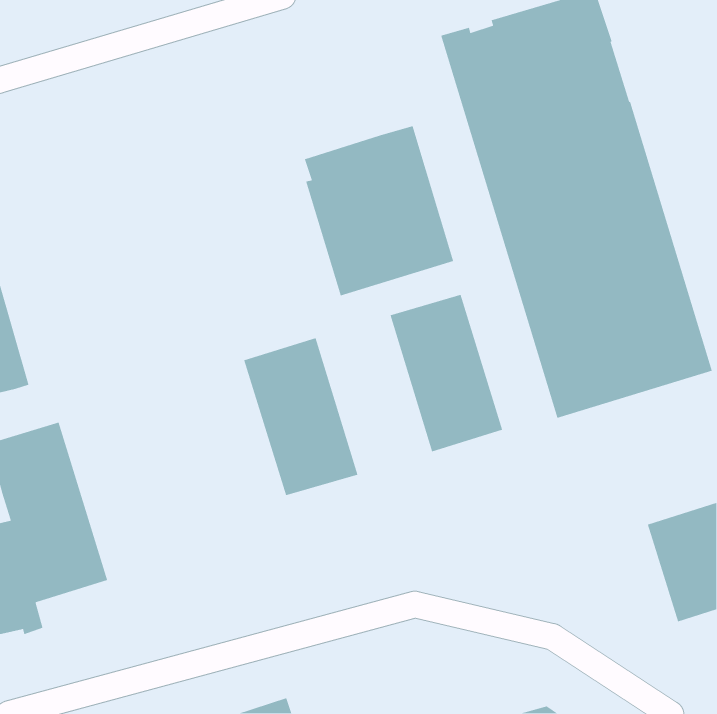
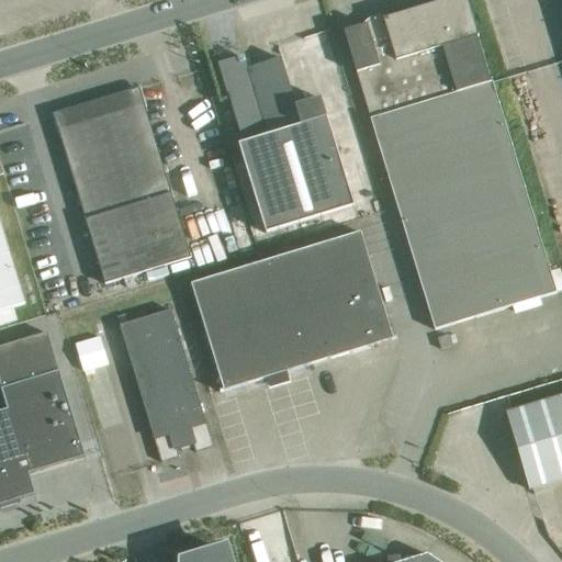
building: none -> [217,54,296,124]
building: none -> [53,85,190,281]
building: none -> [247,246,337,371]
building: none -> [120,306,213,460]

